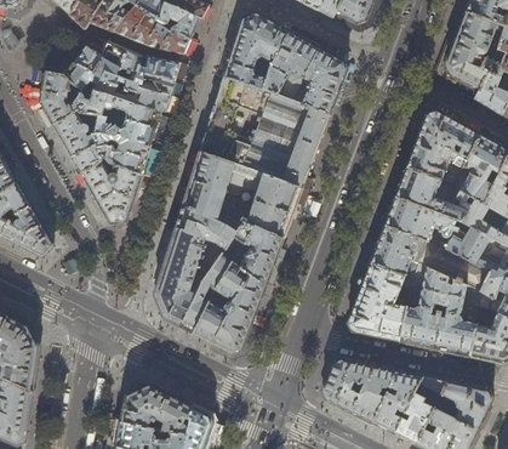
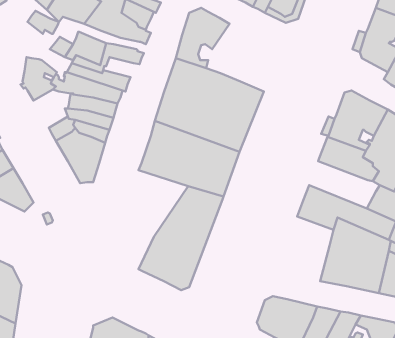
building: [262,32,347,113] -> none
building: [64,62,102,90] -> [28,11,59,34]
building: [138,72,175,96] -> none
building: [55,110,99,157] -> none
building: [386,197,466,254] -> none
building: [154,208,240,326] -> none
building: [349,263,415,341] -> none

